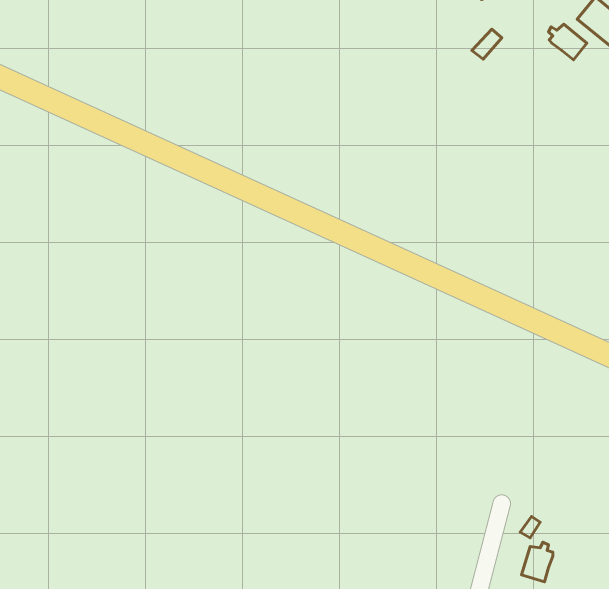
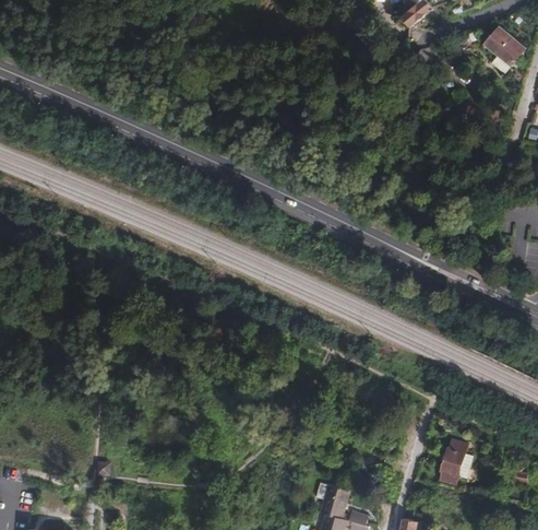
building: [548,24,587,60] -> none

